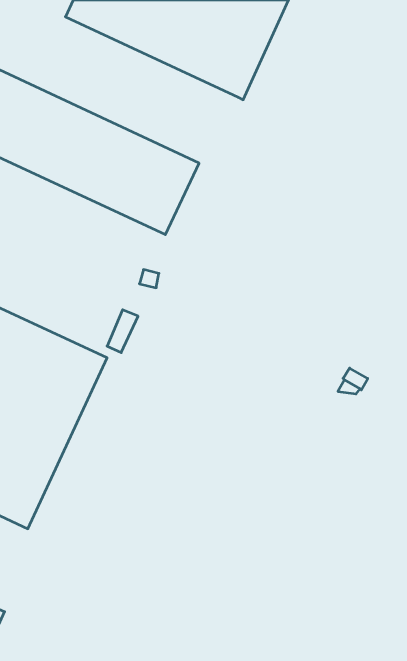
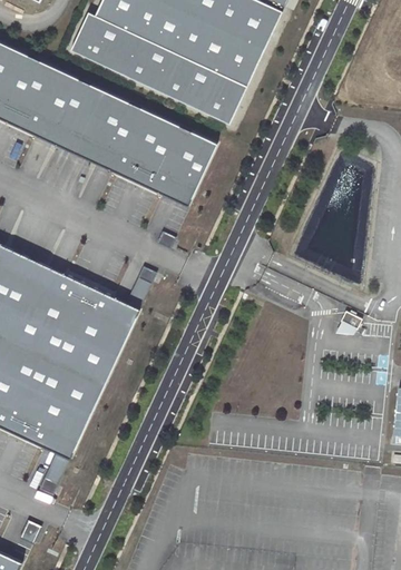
building: none -> [68,12,245,121]

